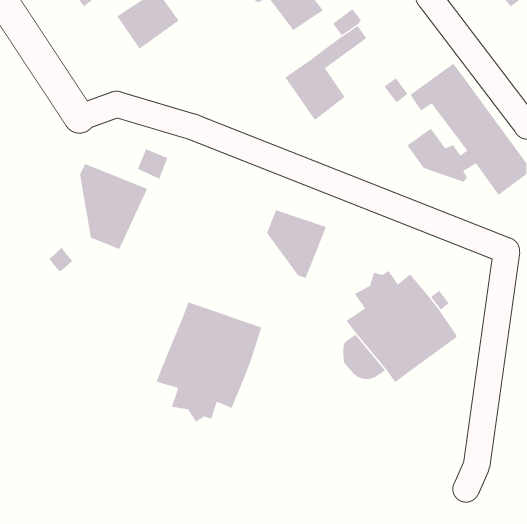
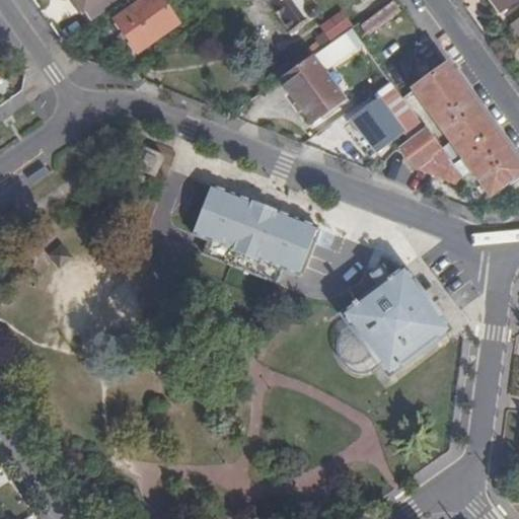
building: none -> [352,97,401,148]
building: [80,163,148,250] -> none
building: none -> [195,184,292,282]
building: [156,301,262,423] -> none

